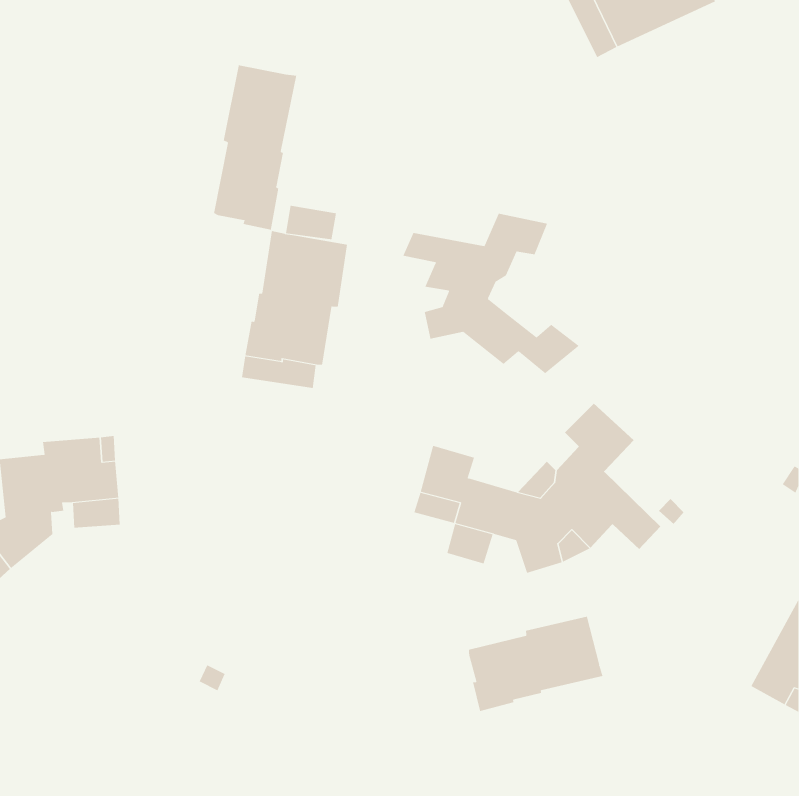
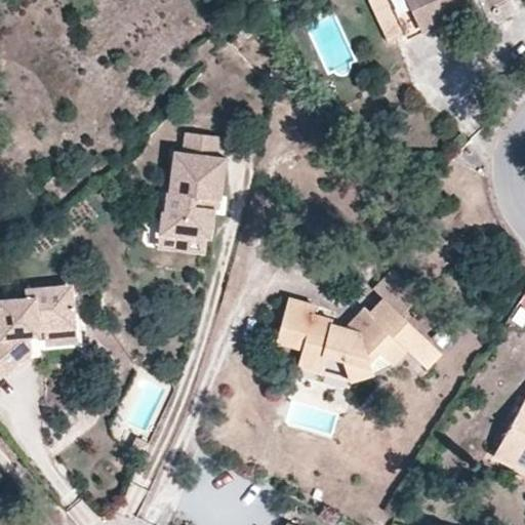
building: [213,64,297,230] -> none
building: [402,213,580,374] -> none
building: [469,616,603,712] -> none

